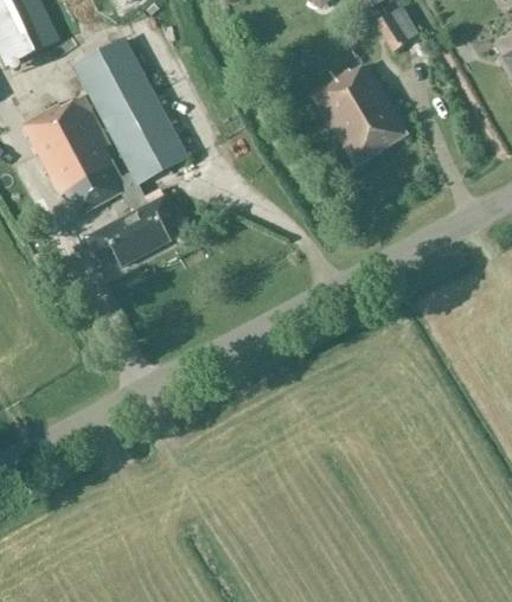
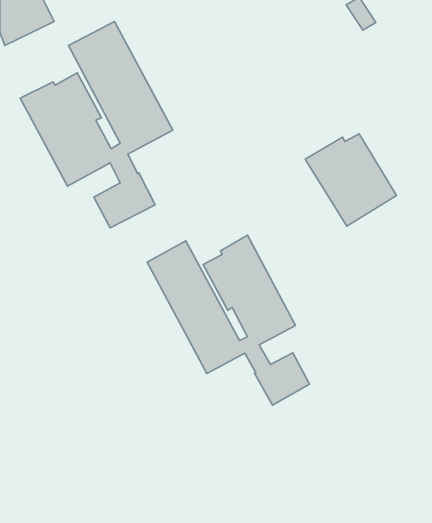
building: [309,65,408,165] -> [305,134,396,226]
building: none -> [147,235,310,405]

